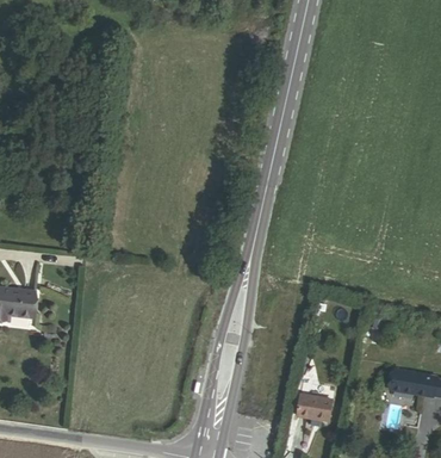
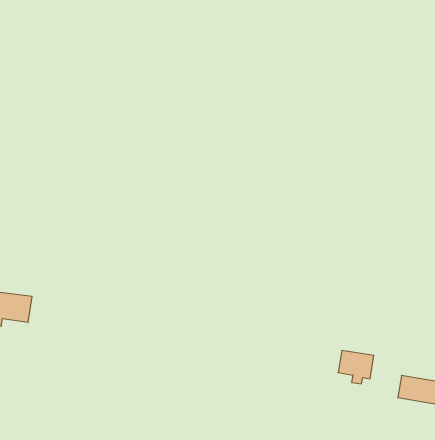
building: [294,394,329,426] -> [338,350,374,384]

